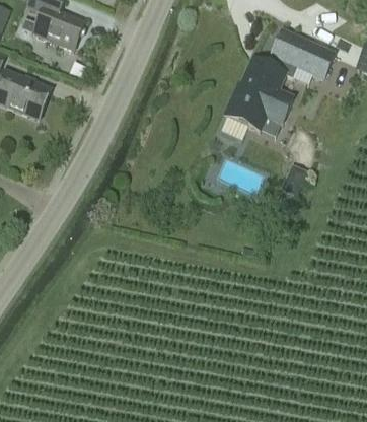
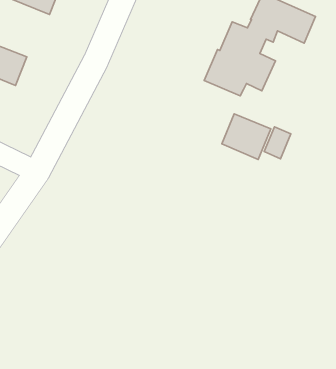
building: none -> [222,114,271,159]

